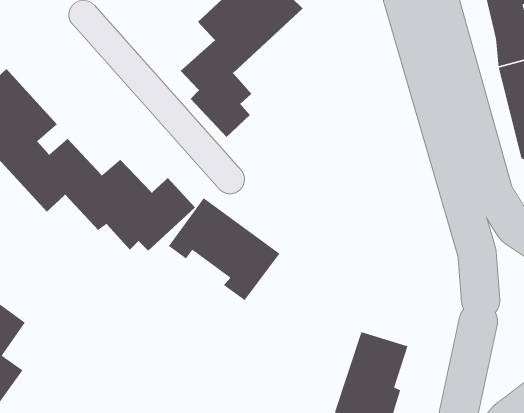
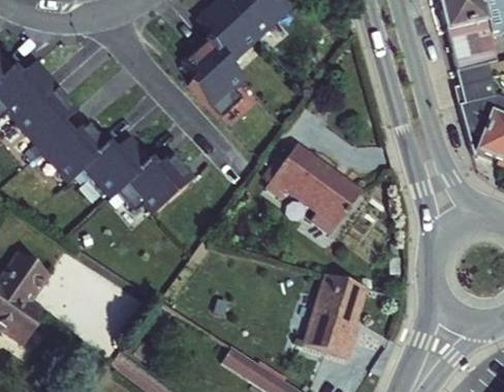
building: [168,197,280,301] -> [265,146,360,234]

